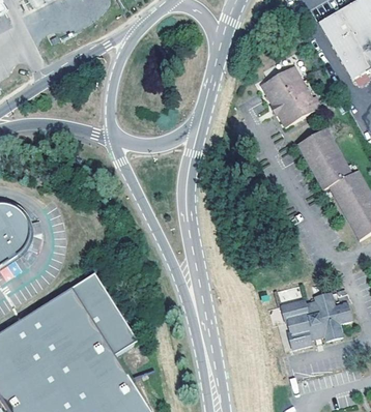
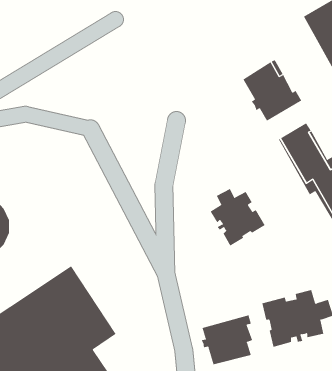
building: none -> [210,188,266,246]
building: none -> [201,314,253,365]

